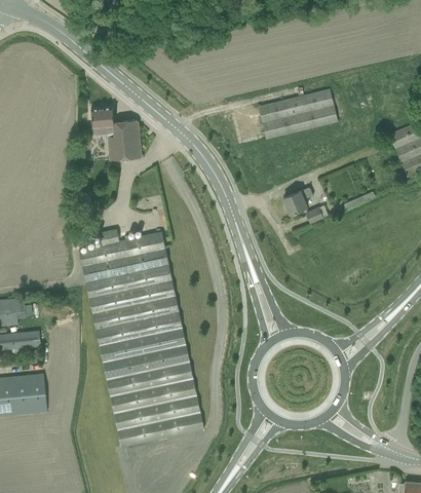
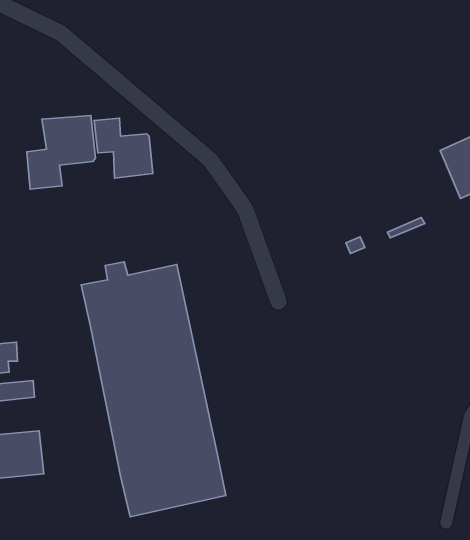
building: [257,88,338,139] -> none
building: none -> [27,115,95,189]
building: [282,187,313,214] -> none

